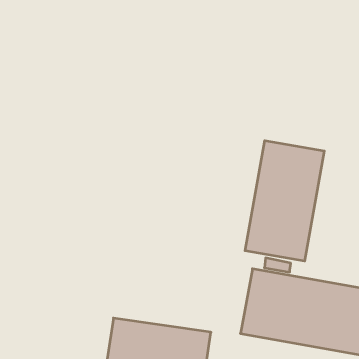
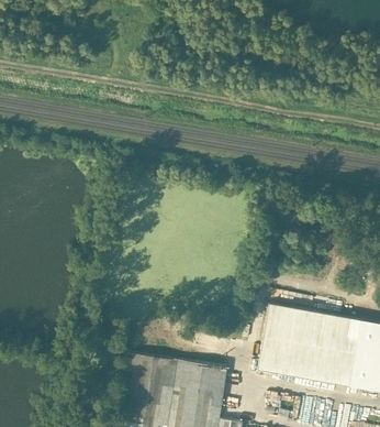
building: [245,141,324,261] -> none

